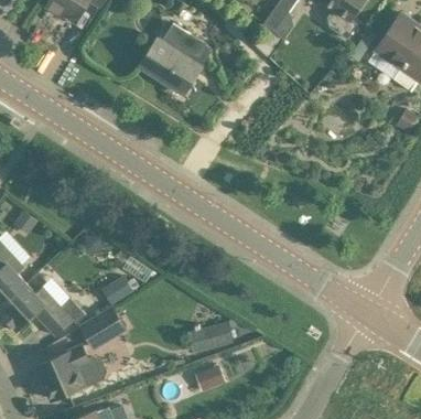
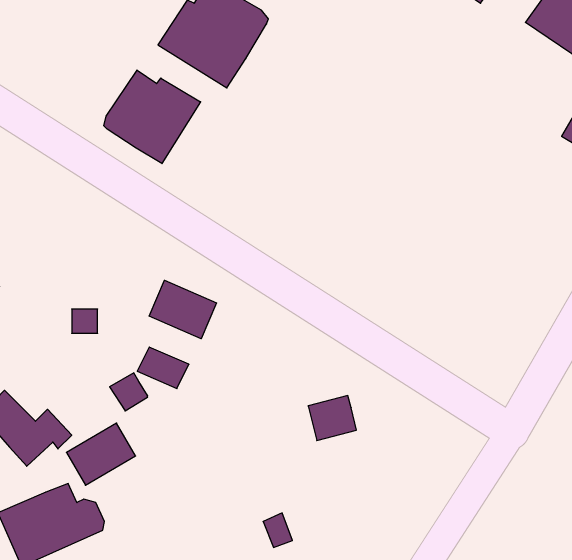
building: none -> [104,70,201,164]
building: none -> [149,280,217,339]
building: [203,321,234,350] -> [308,396,356,441]

